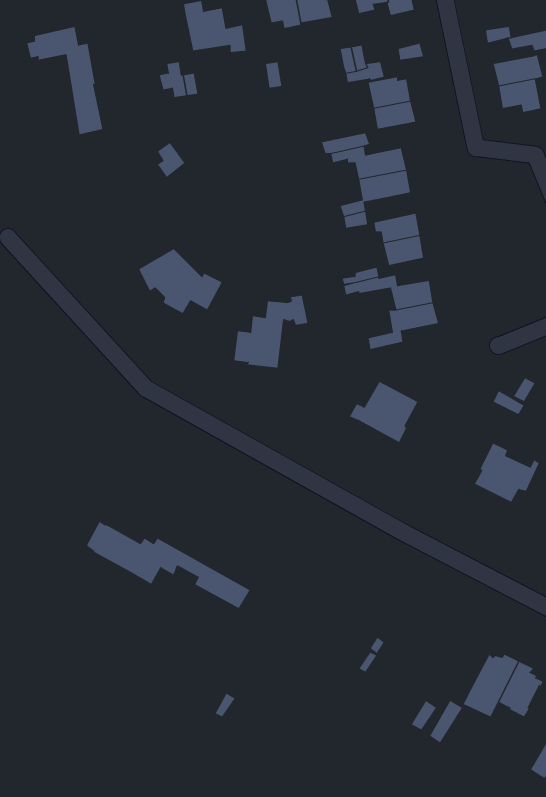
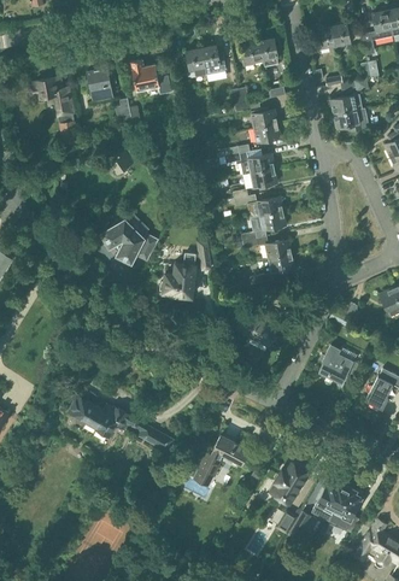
building: none -> [87,68,117,102]
building: none -> [170,435,250,489]
building: none -> [275,463,309,504]

